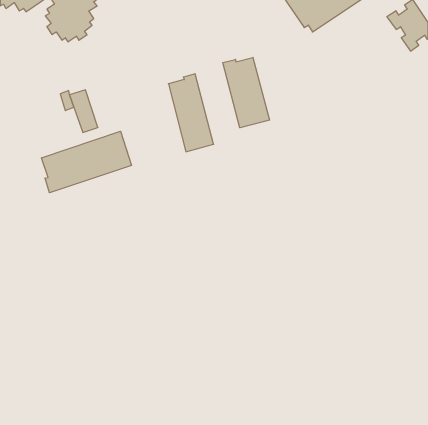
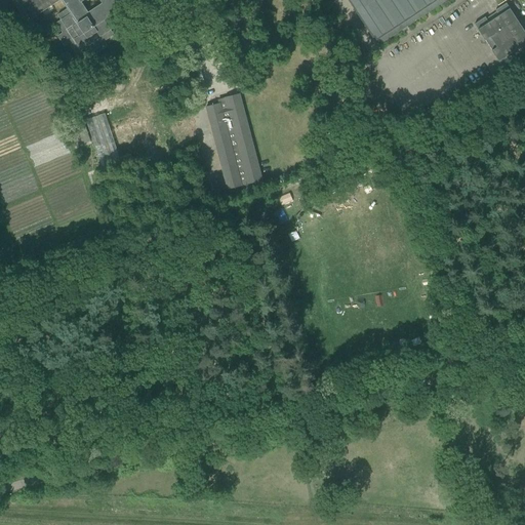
building: [223,57,270,128] -> none
building: [42,131,131,193] -> none

